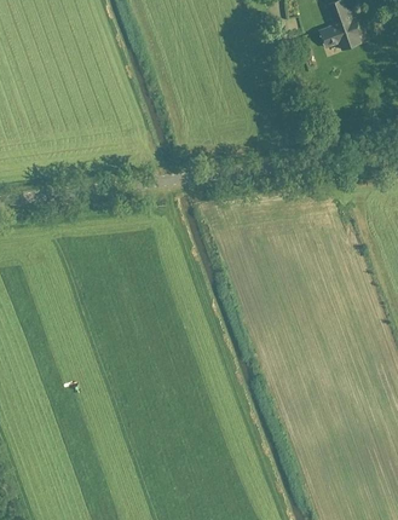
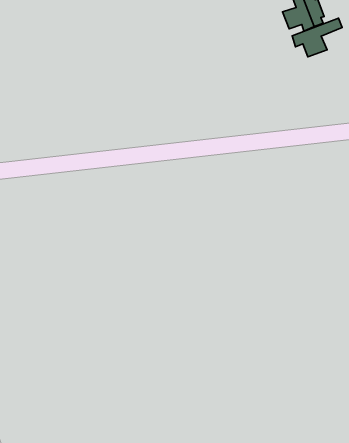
building: none -> [292,18,342,57]

